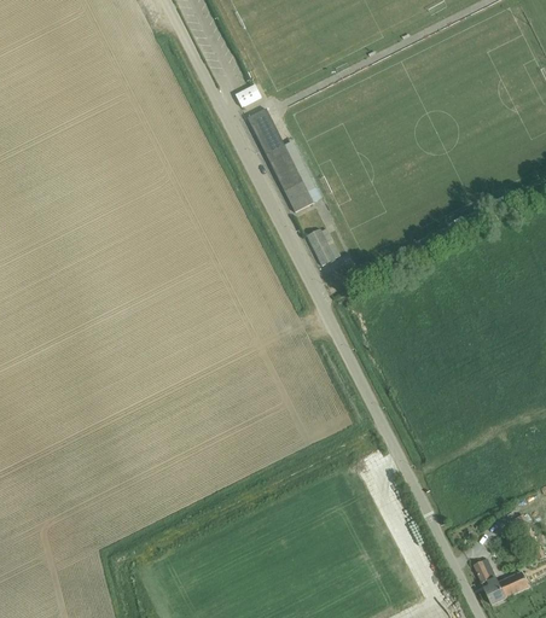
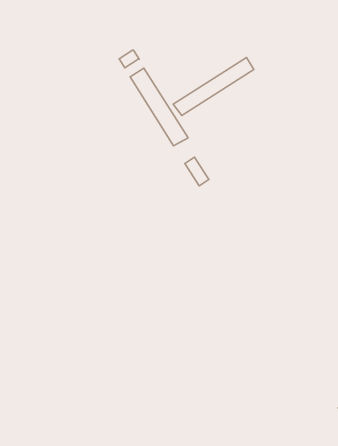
building: none -> [173,58,254,116]

